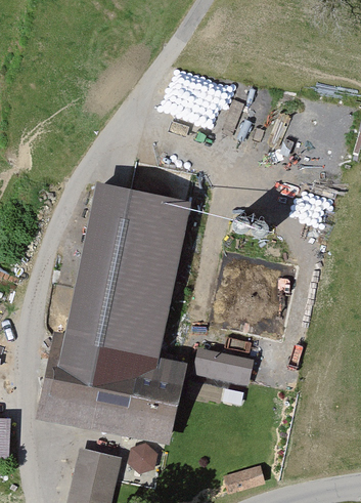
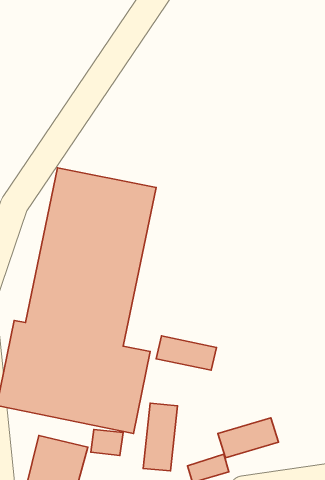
building: none -> [143,403,178,471]
building: none -> [218,418,278,458]

